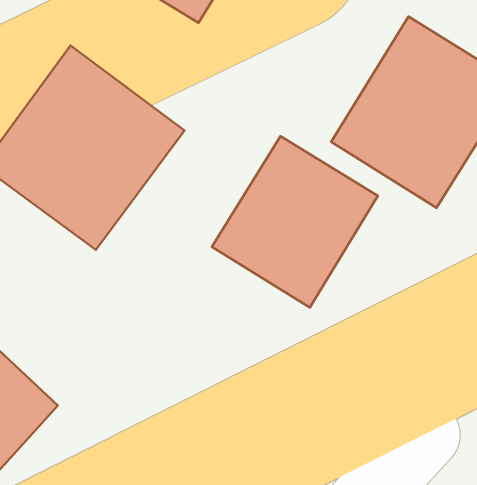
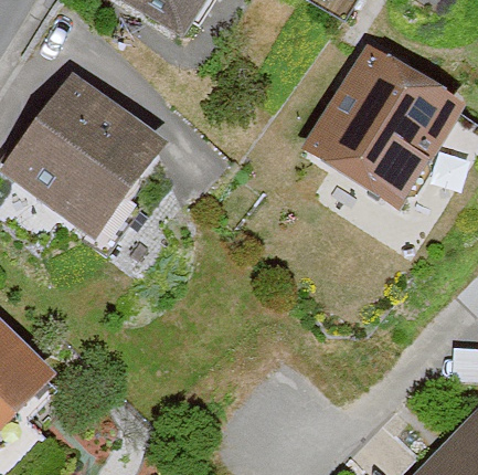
building: [212,136,378,308] -> none

